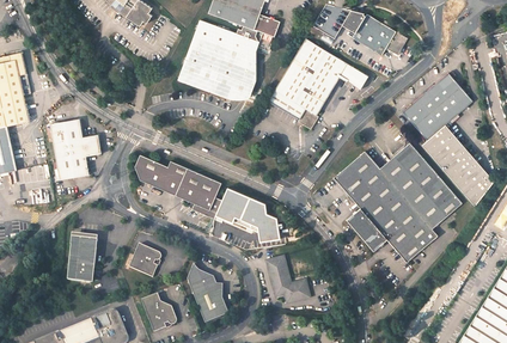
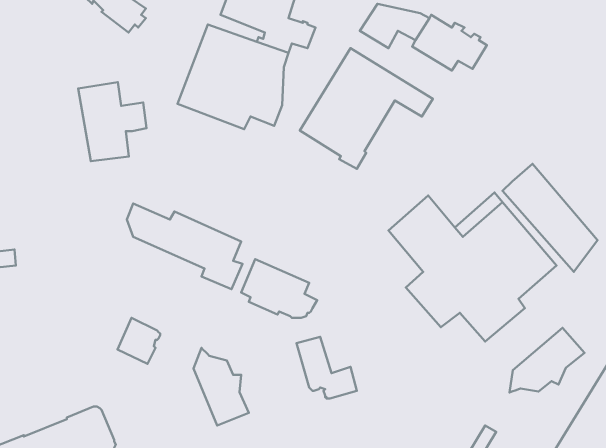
building: [404,72,471,137] -> none
building: [49,117,100,177] -> [78,82,146,161]
building: [66,235,97,281] -> none
building: none -> [510,328,584,392]
building: [140,295,176,331] -> none

